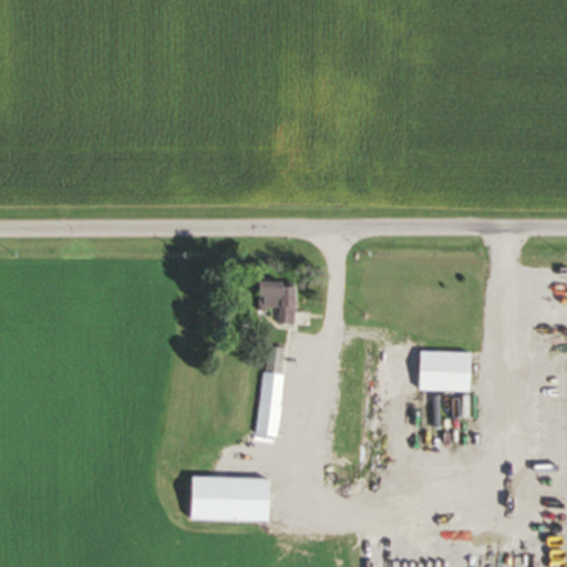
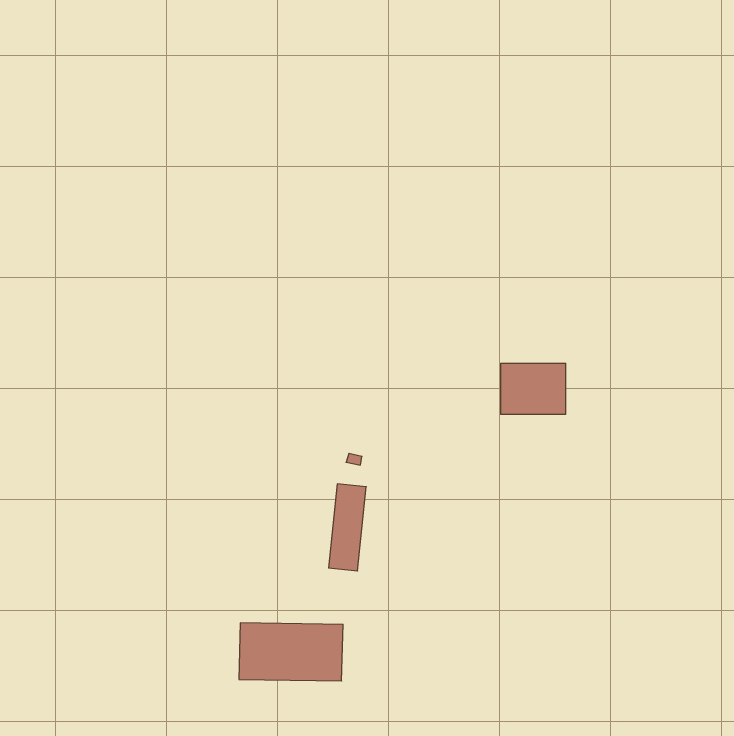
building: [255,281,293,323] -> none
building: [420,352,470,391] -> [501,363,566,414]

